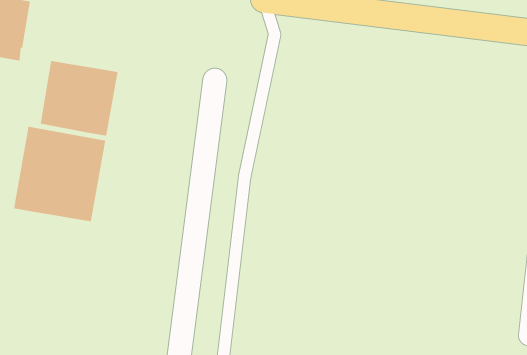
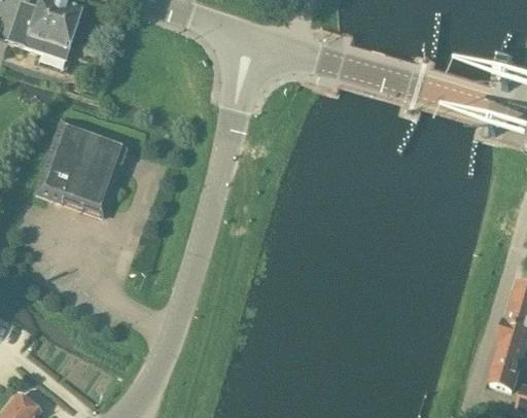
building: [40,60,118,137] -> none

